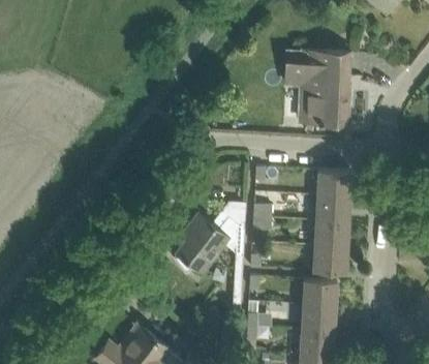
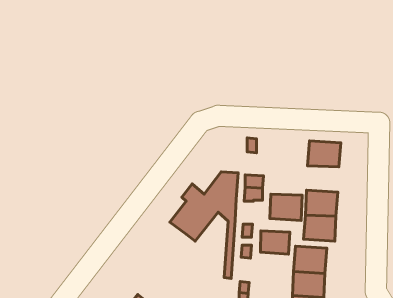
building: [285,51,350,123] -> none
building: [316,195,349,222] -> [270,194,302,220]
building: none -> [260,231,290,254]

